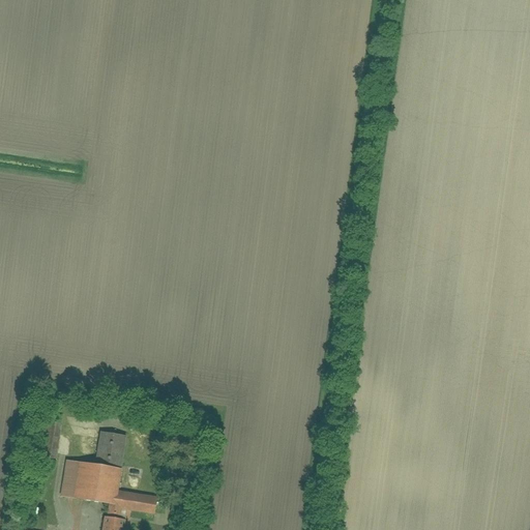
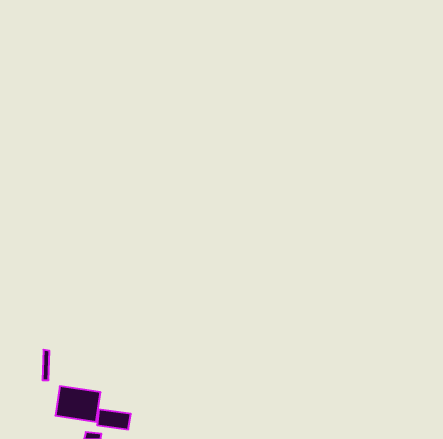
building: [95,431,125,468] -> none

